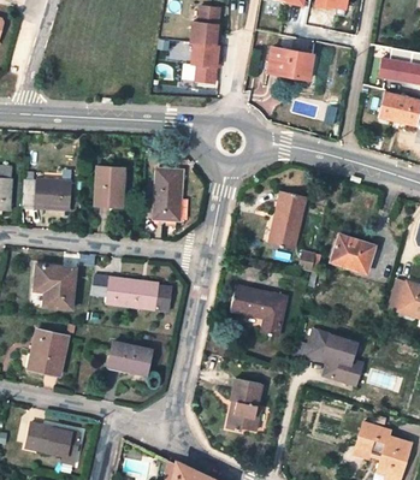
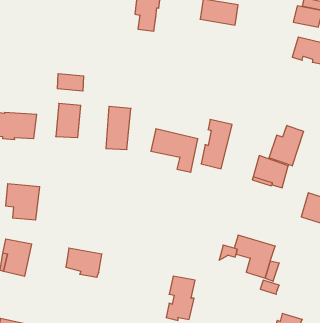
building: none -> [57,74,83,91]
building: none -> [269,125,303,166]
building: [105,282,170,315] -> none
building: [230,284,286,336] -> [151,129,198,172]

